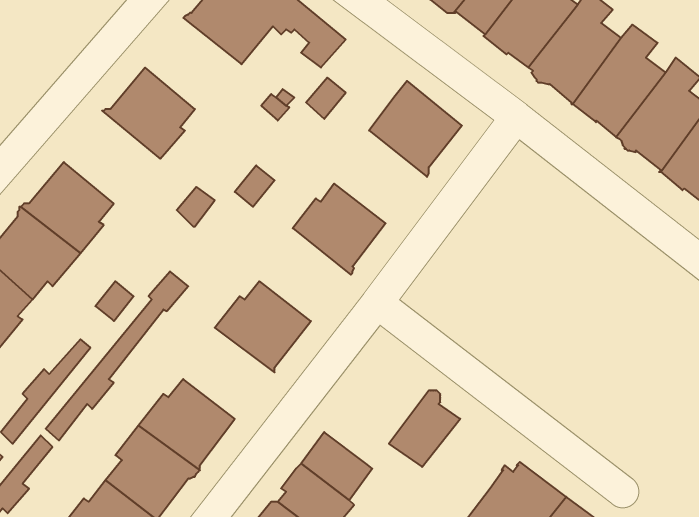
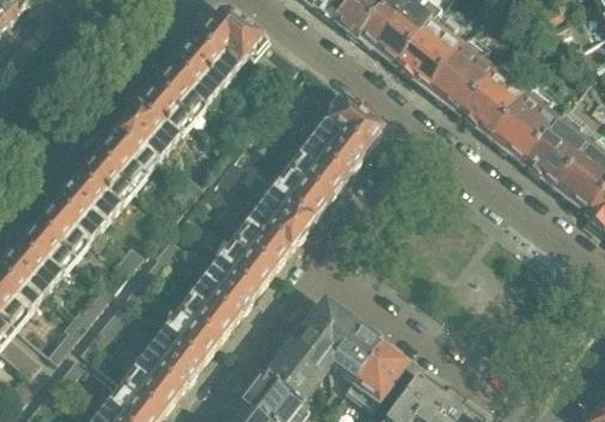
building: none -> [151,51,221,117]
building: none -> [92,118,161,186]
building: none -> [288,133,356,200]
building: none -> [234,204,300,271]
building: none -> [178,276,245,342]
building: none -> [281,300,357,375]
building: none -> [345,342,405,408]

